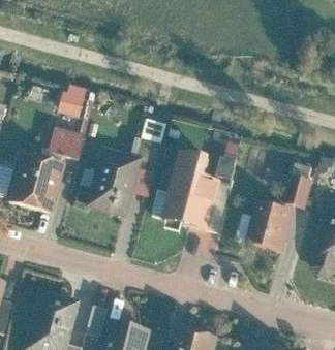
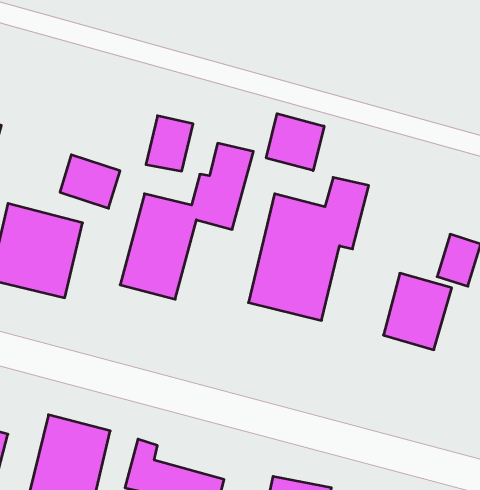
building: [59,82,89,117] -> [146,116,193,171]
building: none -> [266,114,324,171]

